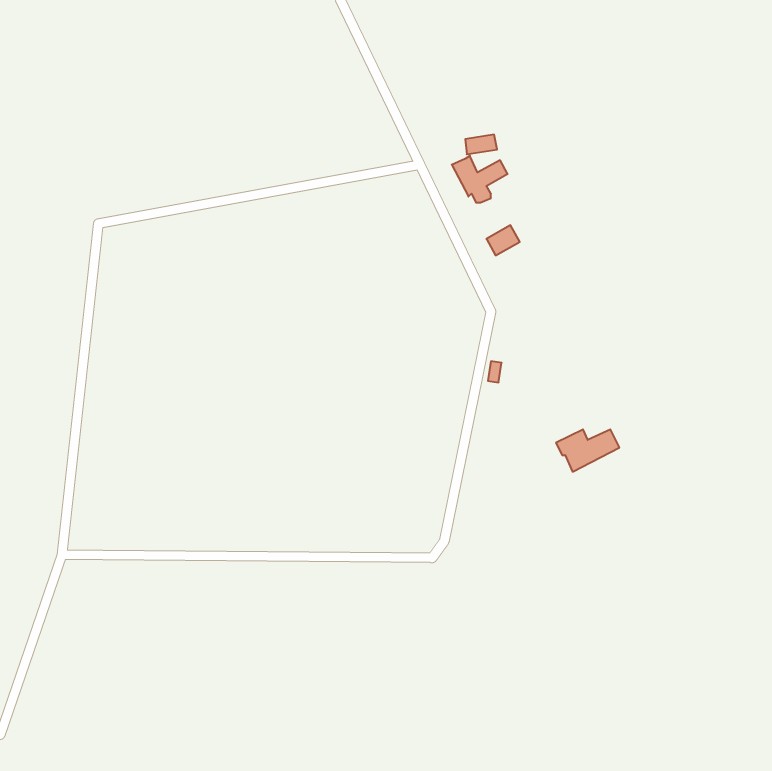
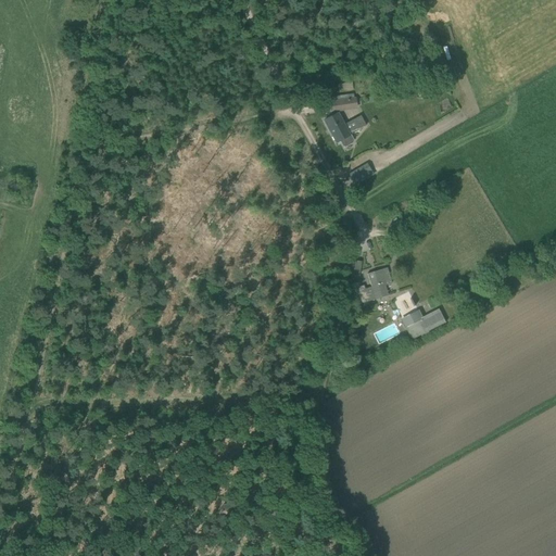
building: none -> [355,267,391,303]

